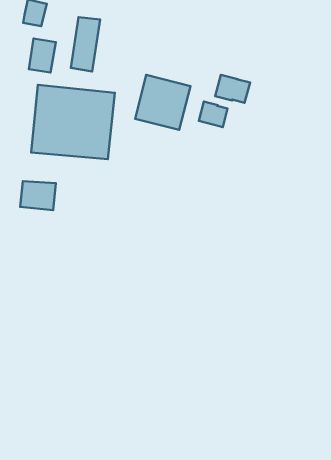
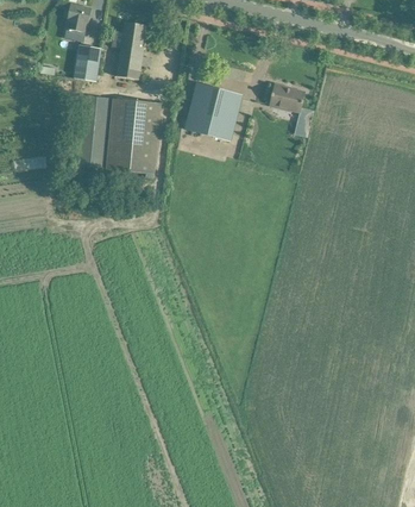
building: [199,101,227,127] -> none
building: [20,181,56,210] -> none

